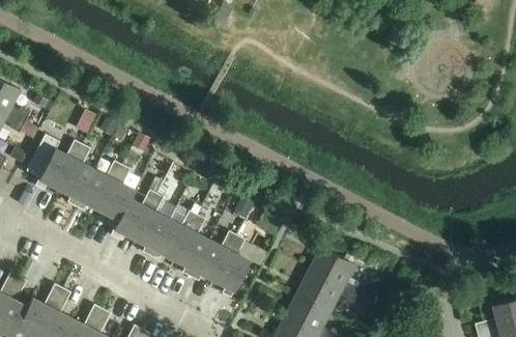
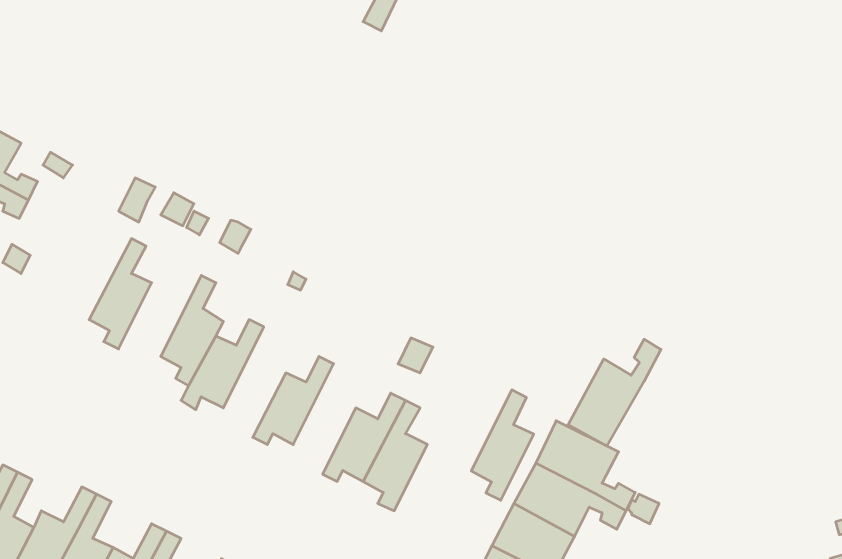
building: [25,133,82,190] -> none
building: [75,160,121,209] -> none
building: [134,193,169,255] -> none
building: none -> [568,339,661,446]
building: [173,214,208,276] -> [471,390,534,500]

